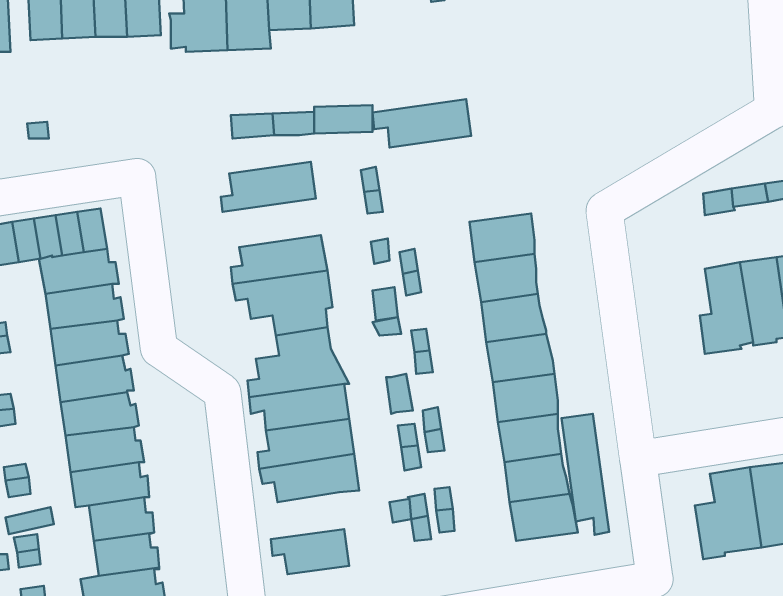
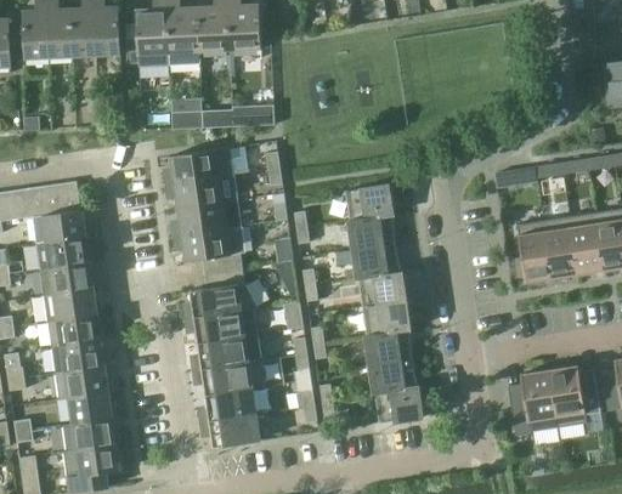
building: [373,99,471,147] -> [165,174,237,209]
building: [562,414,609,535] -> none
building: none -> [198,387,254,421]

